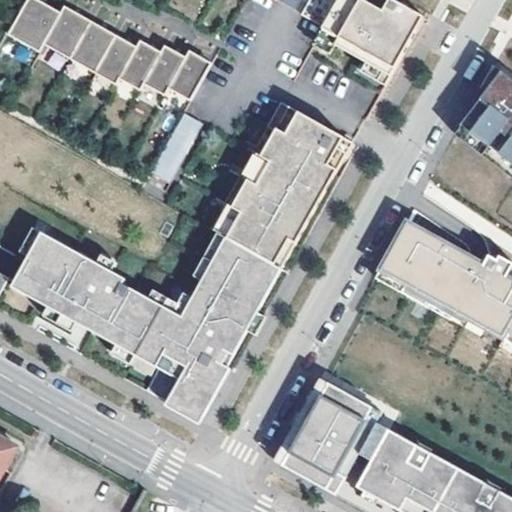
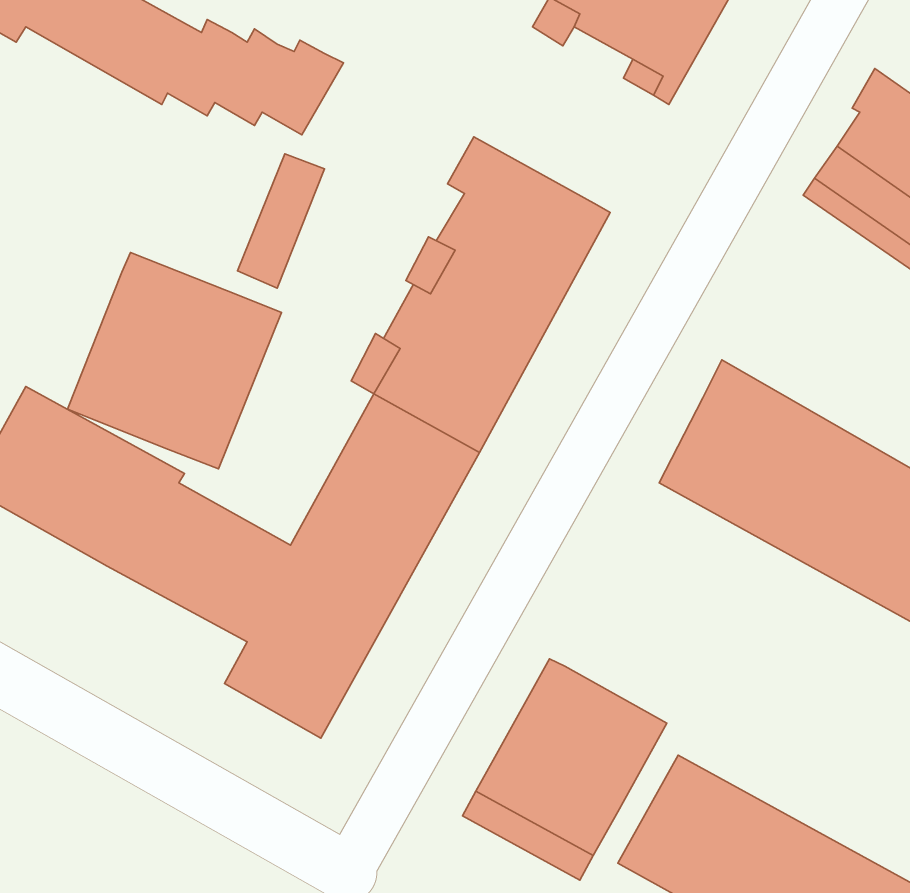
building: none -> [67,253,281,469]

